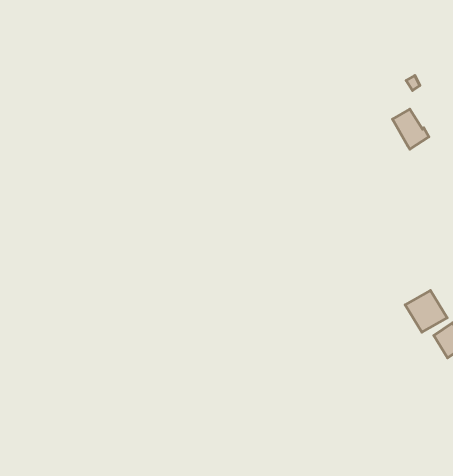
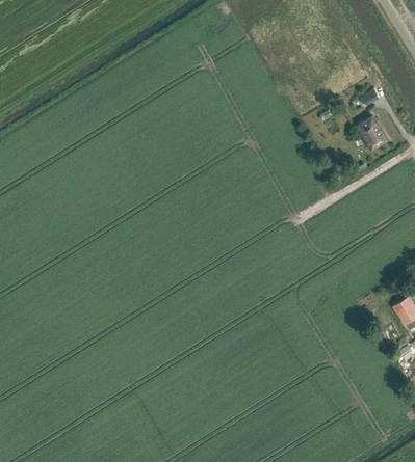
building: [405,291,447,332] -> none

